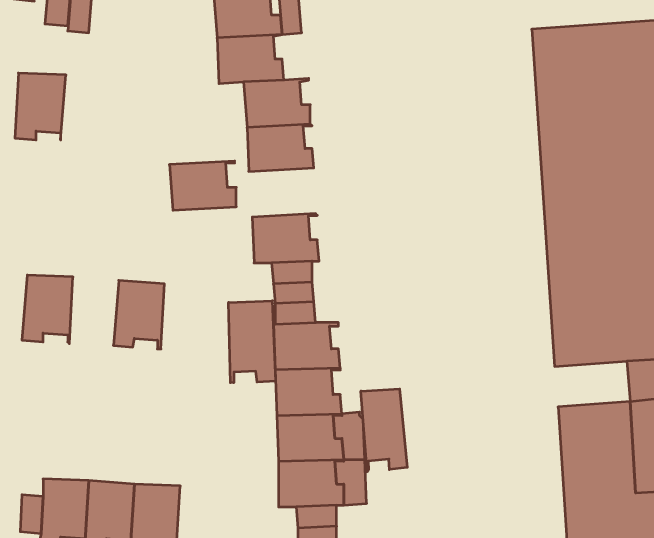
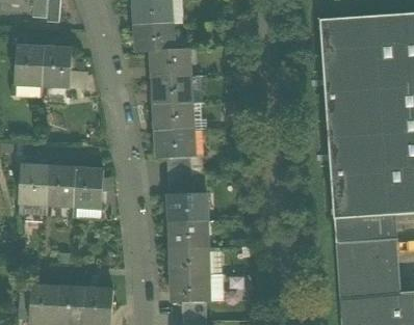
building: none -> [42,47,72,87]
building: [169,161,236,210] -> [153,102,192,131]
building: none -> [47,166,76,207]
building: [229,301,276,383] -> none
building: none -> [334,216,379,243]
building: [361,389,407,472] -> none

